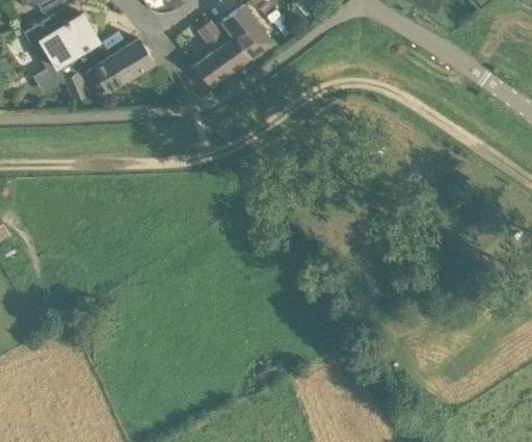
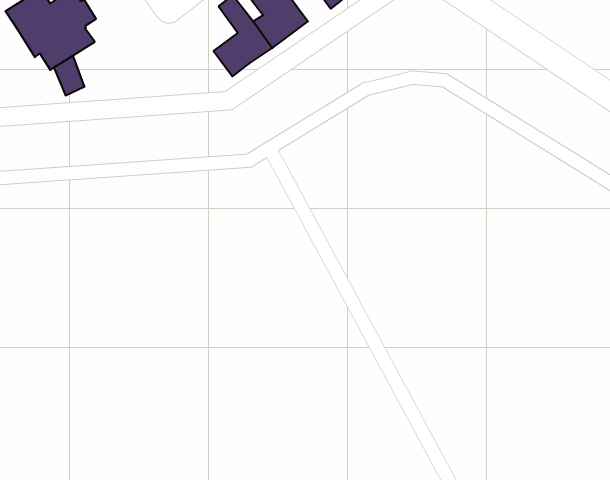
building: [86,38,153,96] -> none

